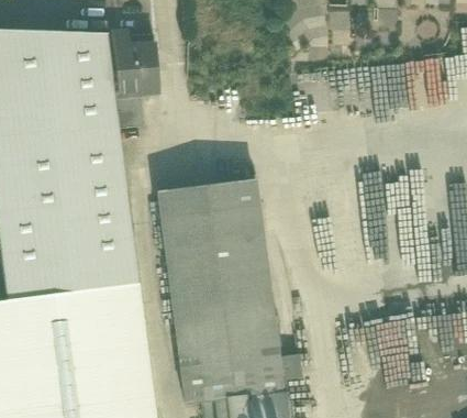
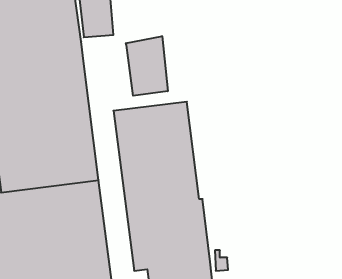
building: none -> [126,36,168,96]
building: [114,96,143,128] -> none

